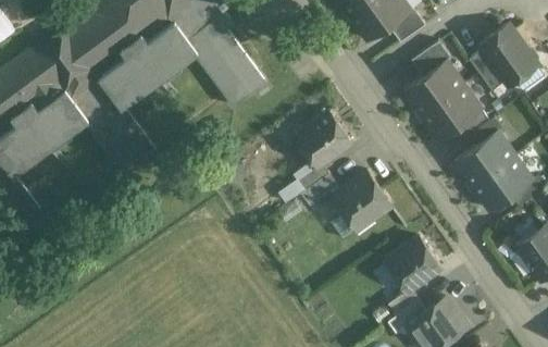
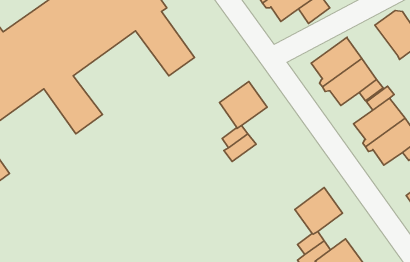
building: [412,41,451,76] -> none
building: [470,50,507,92] -> none
building: [331,172,391,240] -> none

